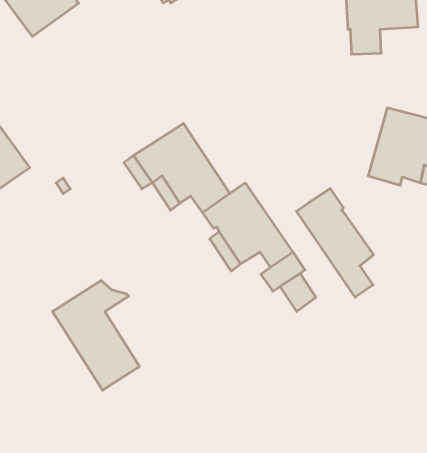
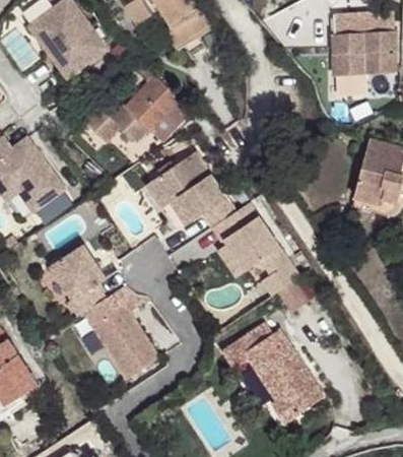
building: none -> [85,61,187,141]
building: [296,188,373,297] -> none
building: none -> [49,244,105,316]
building: none -> [220,322,323,422]

